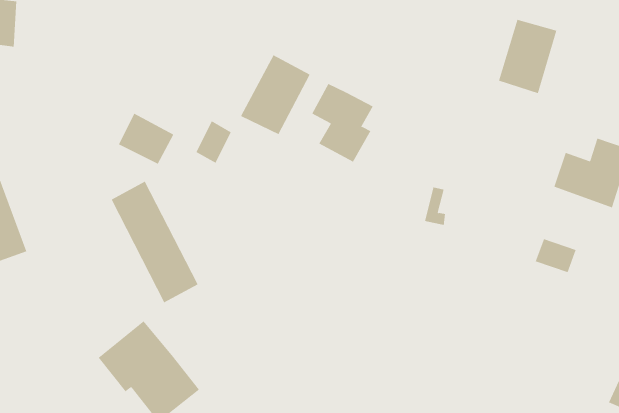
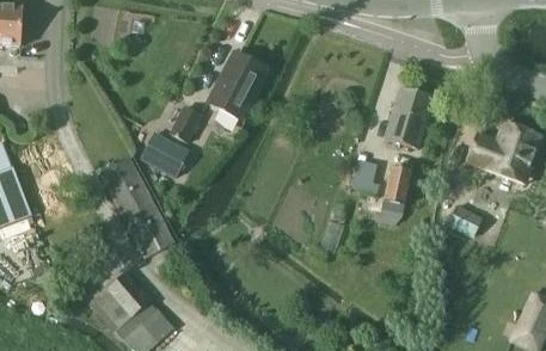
building: [498,19,557,94] -> [384,86,432,148]
building: [311,83,374,163] -> none
building: [118,113,174,165] -> [141,133,188,176]
building: none -> [382,167,411,204]

